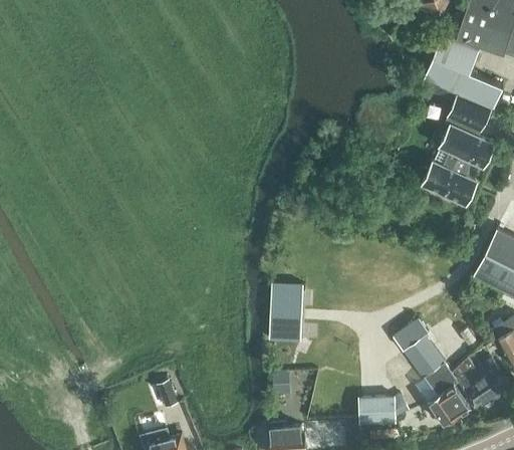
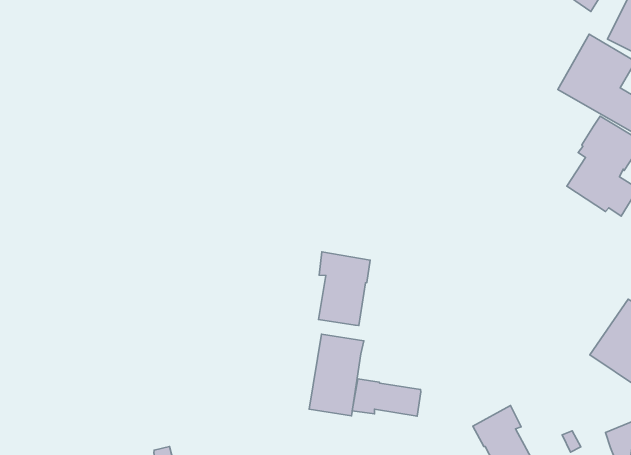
building: [423,149,476,203] -> none
building: none -> [319,252,370,325]
building: none -> [352,379,421,416]

